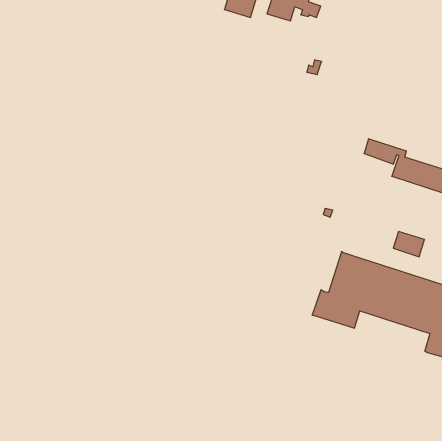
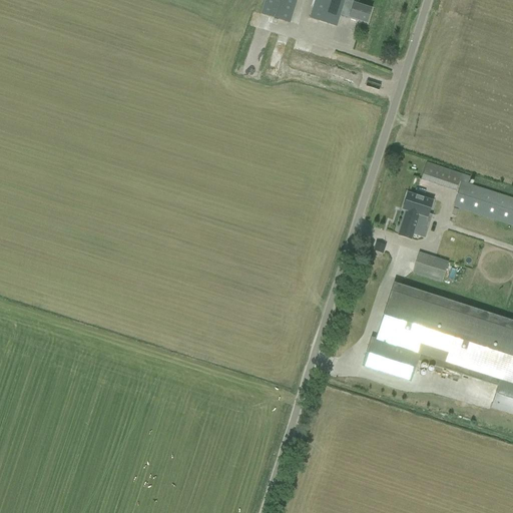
building: none -> [399,190,433,236]
building: [393,232,424,257] -> [413,250,449,280]

